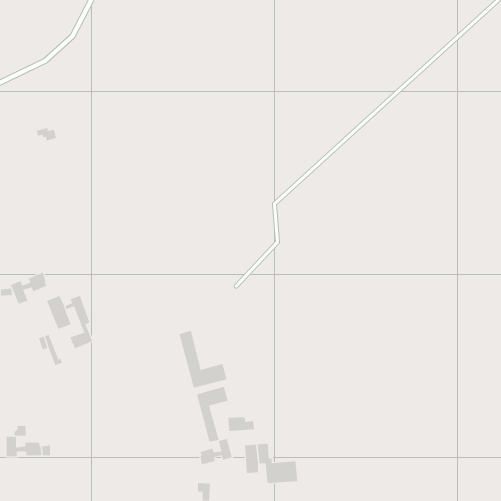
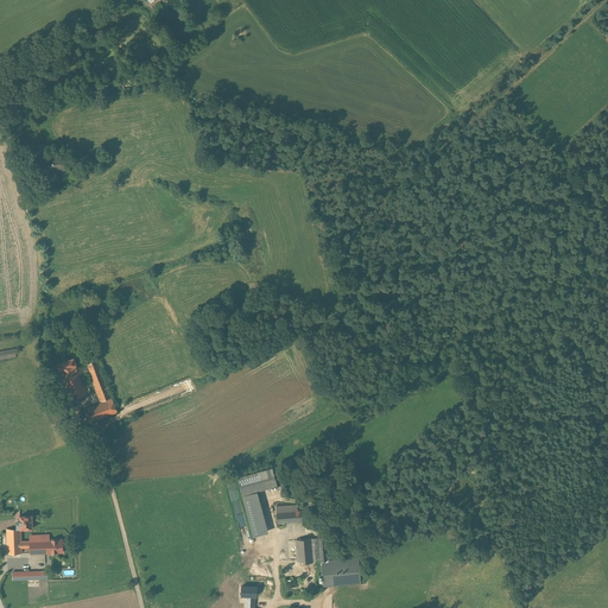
building: [10,272,47,305] -> none
building: [179,330,227,388] -> none
building: [200,438,232,465] -> none

